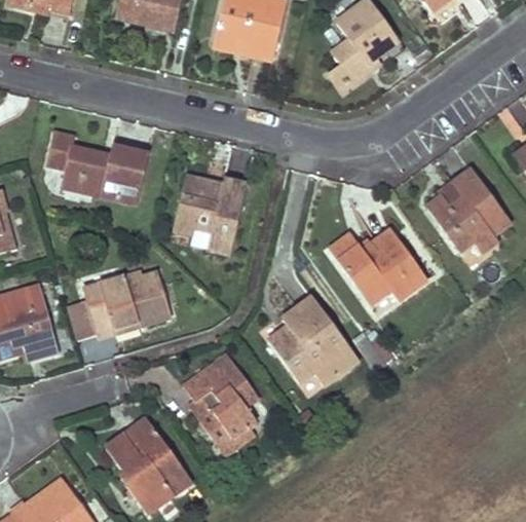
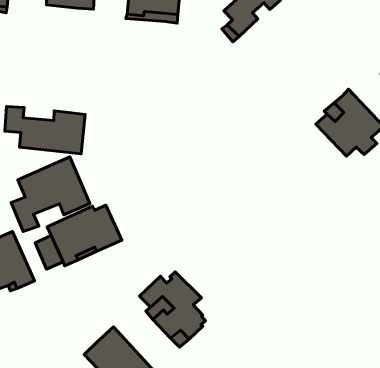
building: [173,178,246,254] -> none
building: none -> [11,157,90,232]
building: [329,229,425,303] -> none
building: [268,297,358,385] -> none

